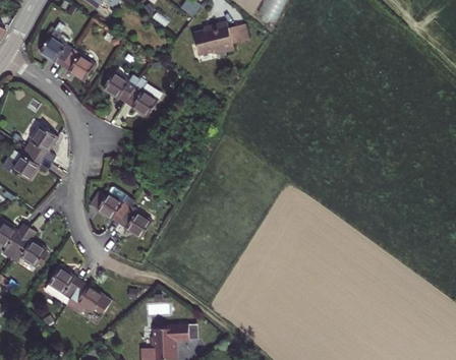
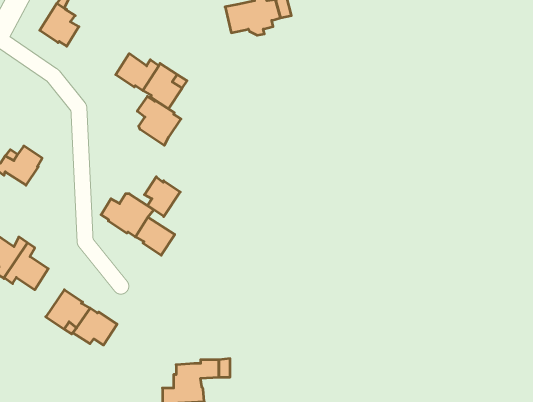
building: [62,49,95,80] -> none
building: none -> [137,96,181,145]
building: [26,125,57,158] -> none
building: none -> [144,177,180,217]

